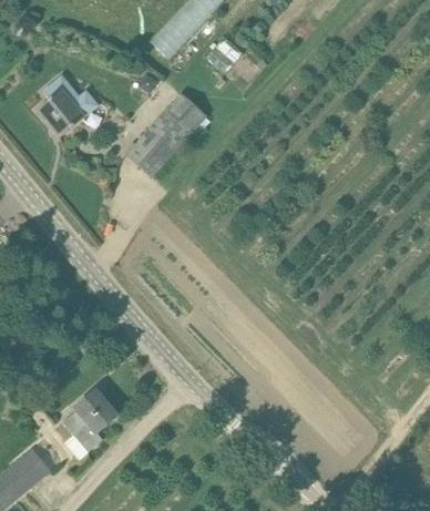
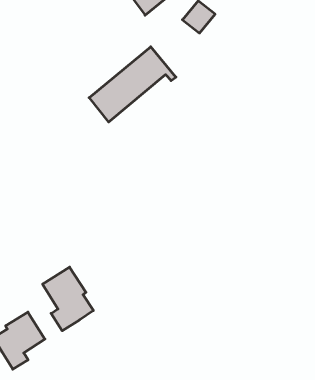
building: [38,75,98,134] -> none
building: none -> [43,267,93,331]

